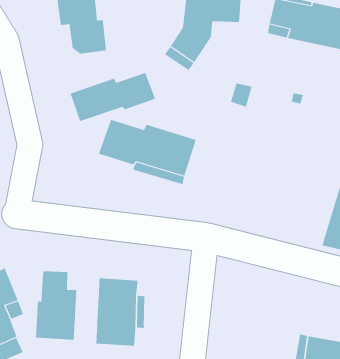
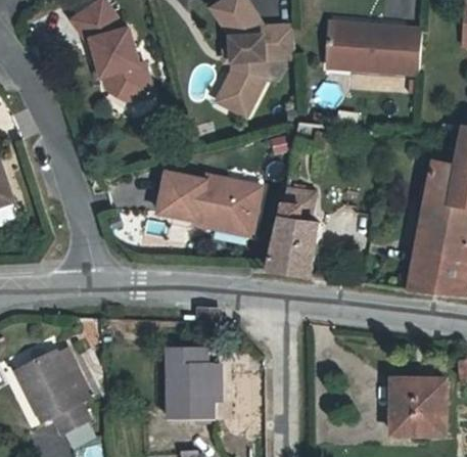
building: [70,72,156,122] -> none
building: none -> [269,197,314,275]
building: [35,270,77,341] -> none

